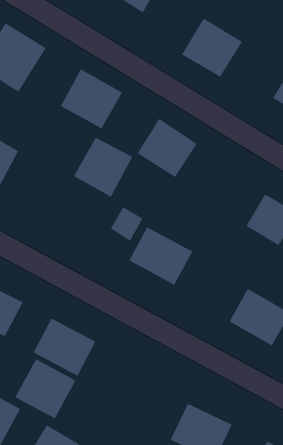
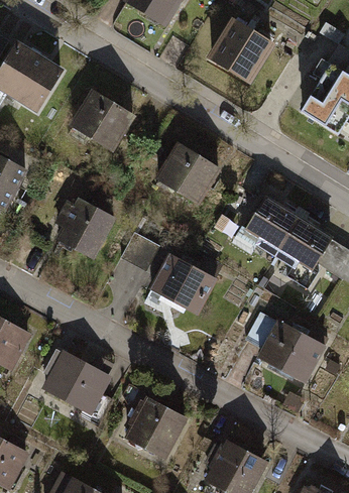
building: [73,137,133,197] -> [50,198,116,264]
building: none -> [242,195,297,250]
building: [15,359,76,419] -> [118,399,186,466]

